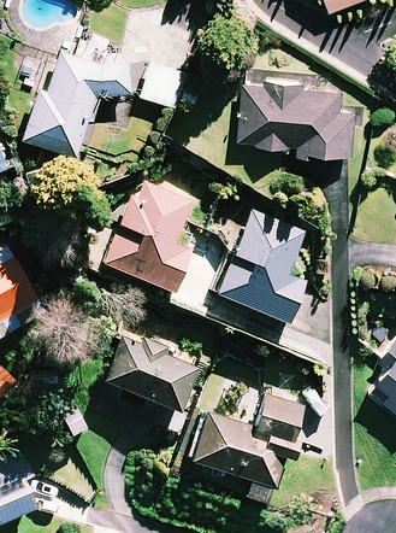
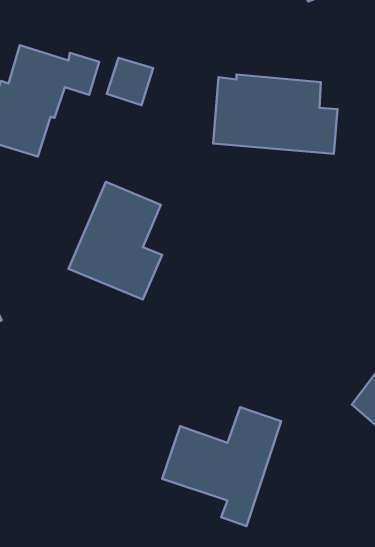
building: [217,211,305,323] -> none
building: [102,332,199,411] -> none

